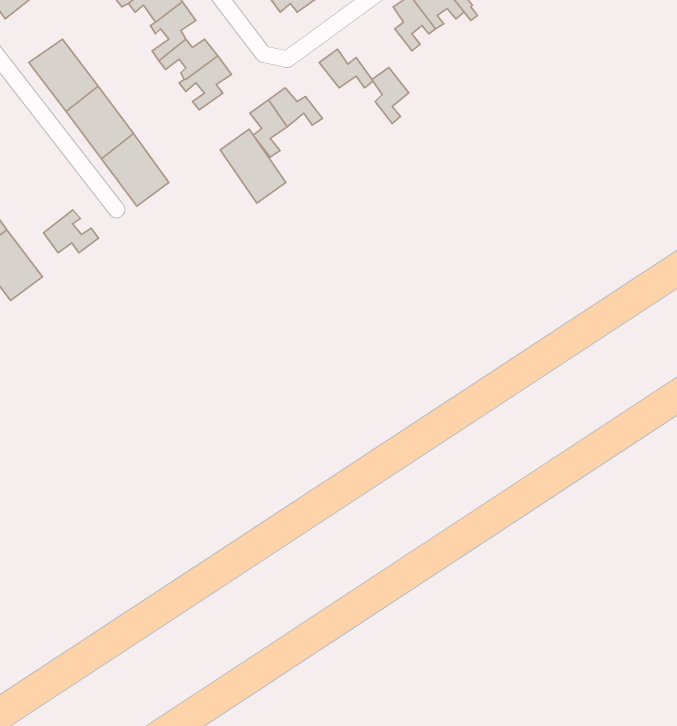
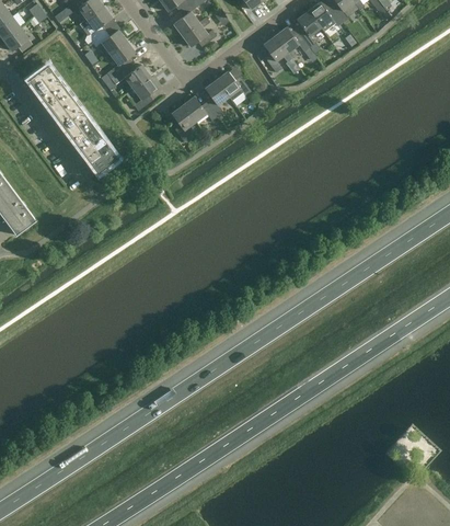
building: [372,68,409,123] -> [205,80,229,116]
building: [220,129,286,203] -> none
building: [43,210,99,253] -> none

